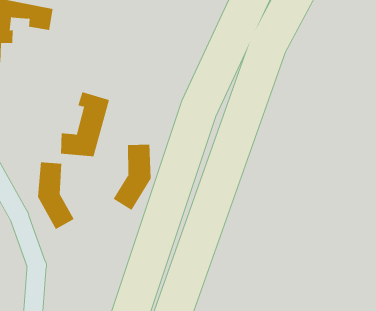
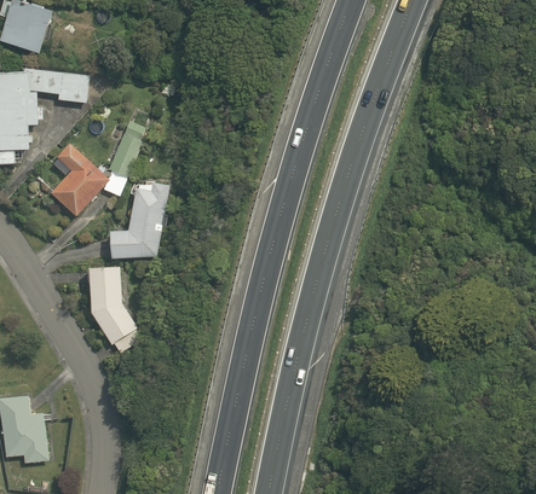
building: none -> [51,144,126,217]
building: [113,144,151,211] -> none

